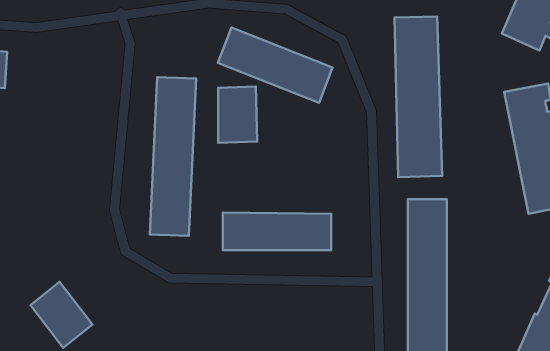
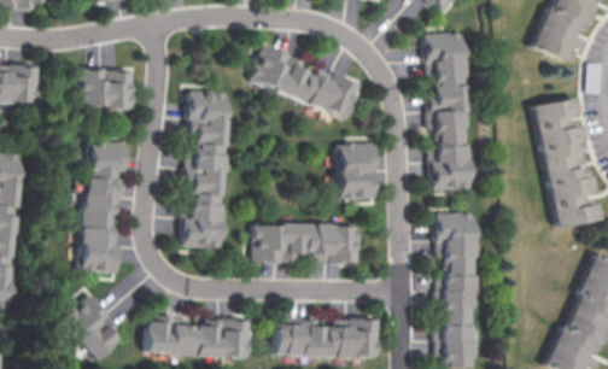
building: none -> [77,70,131,107]
building: [218,87,257,143] -> [337,143,375,199]
building: none -> [75,139,129,274]
building: none -> [147,318,256,356]
building: none -> [276,320,382,355]

